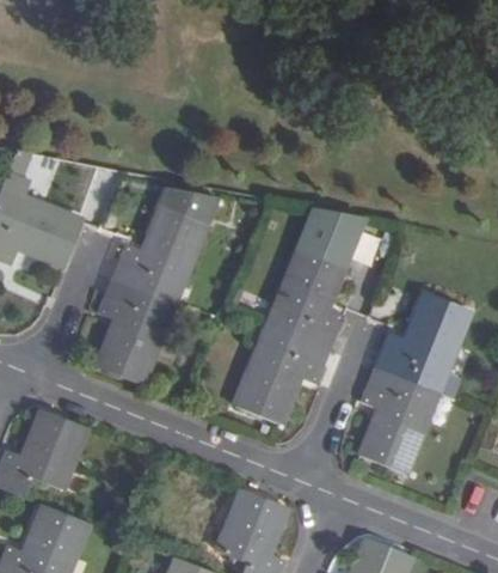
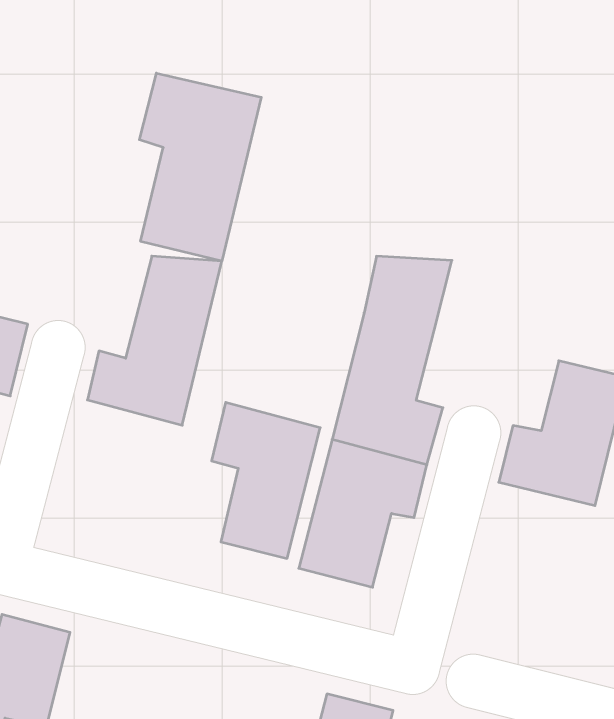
building: none -> [139,73,261,261]
building: [98,276,173,384] -> [212,402,320,558]
building: [361,367,436,471] -> none

